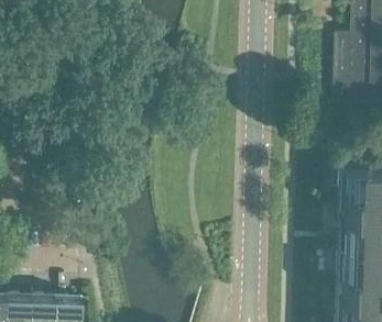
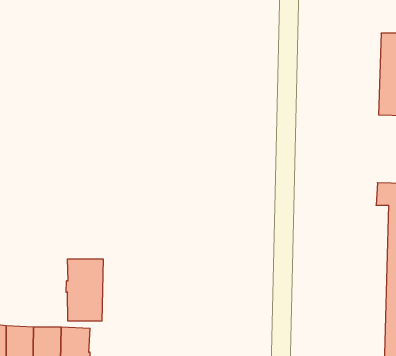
building: none -> [66,259,103,321]

